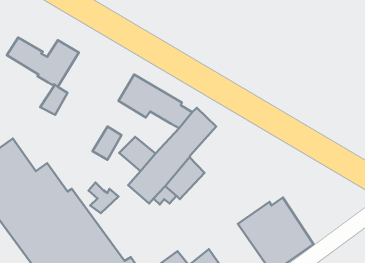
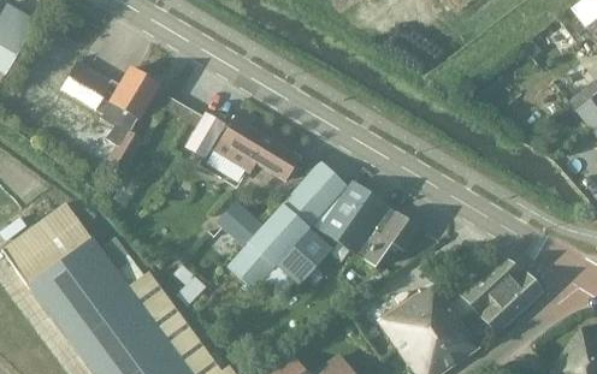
building: none -> [317,180,421,268]
building: [93,127,122,160] -> [185,113,225,159]
building: none -> [461,260,542,337]

